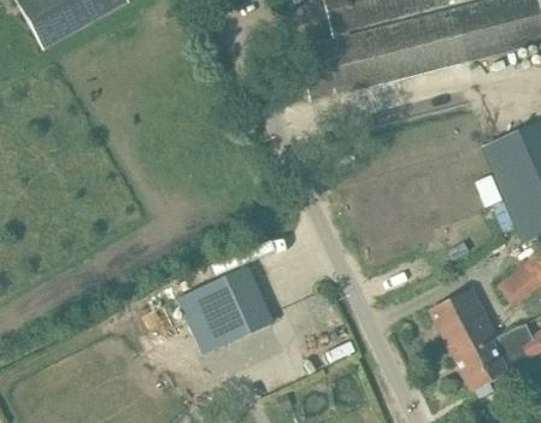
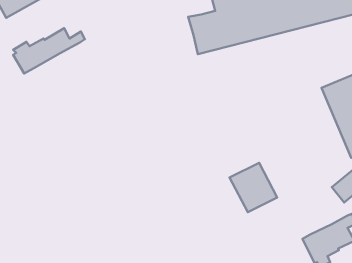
building: none -> [13,28,85,73]
building: [180,266,271,353] -> none
building: [431,289,498,358] -> [230,163,277,212]

